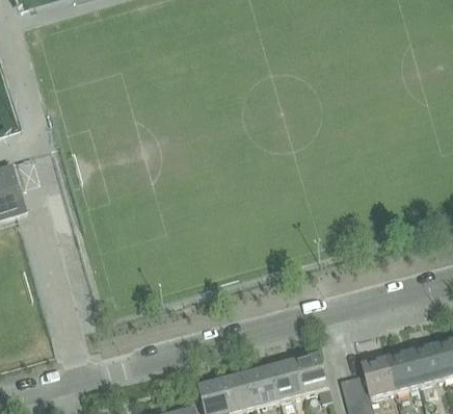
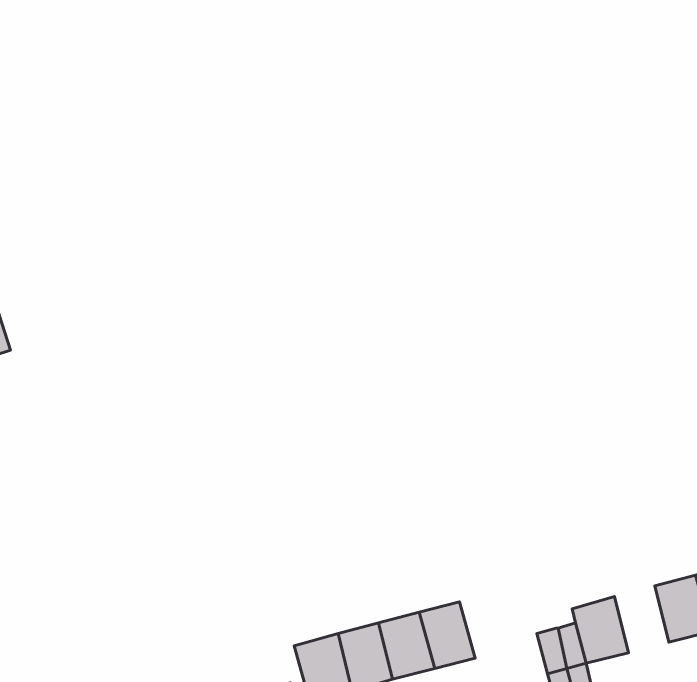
building: [387,351,419,390] -> none
building: [295,354,332,402] -> none

